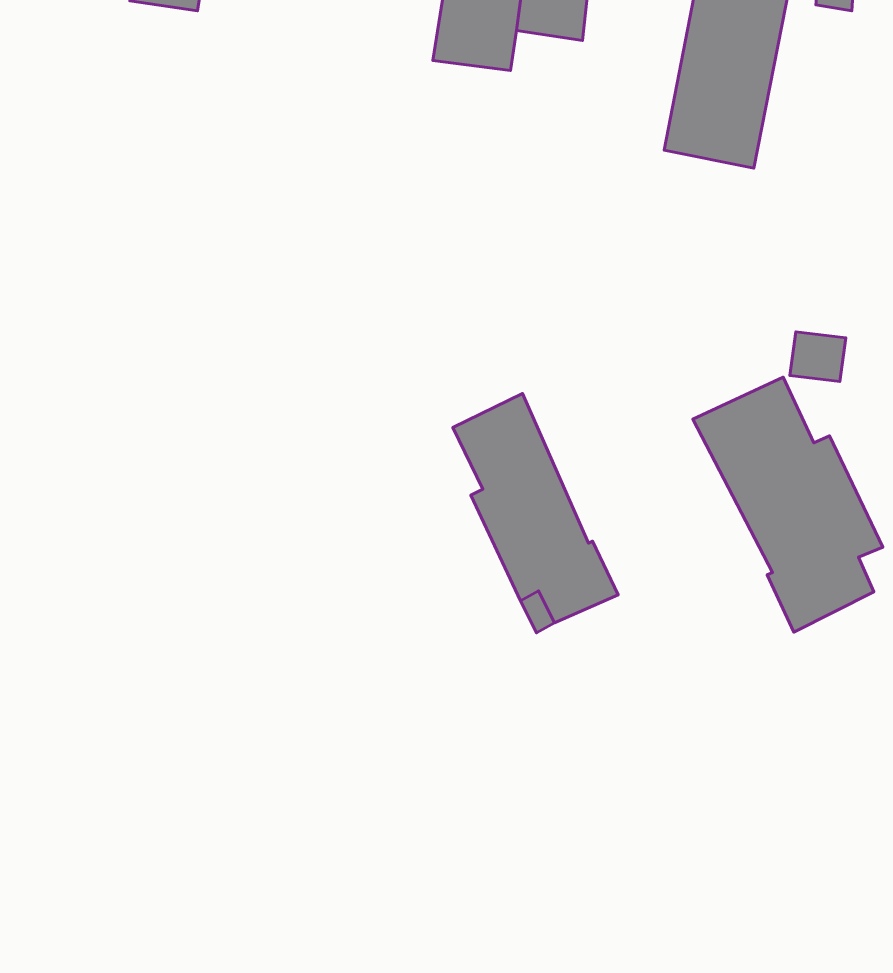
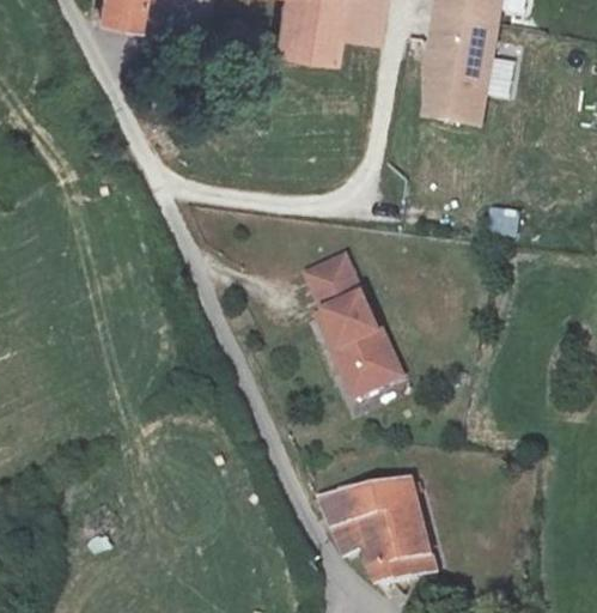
building: [693,377,883,632] -> none
building: none -> [318,447,443,582]

